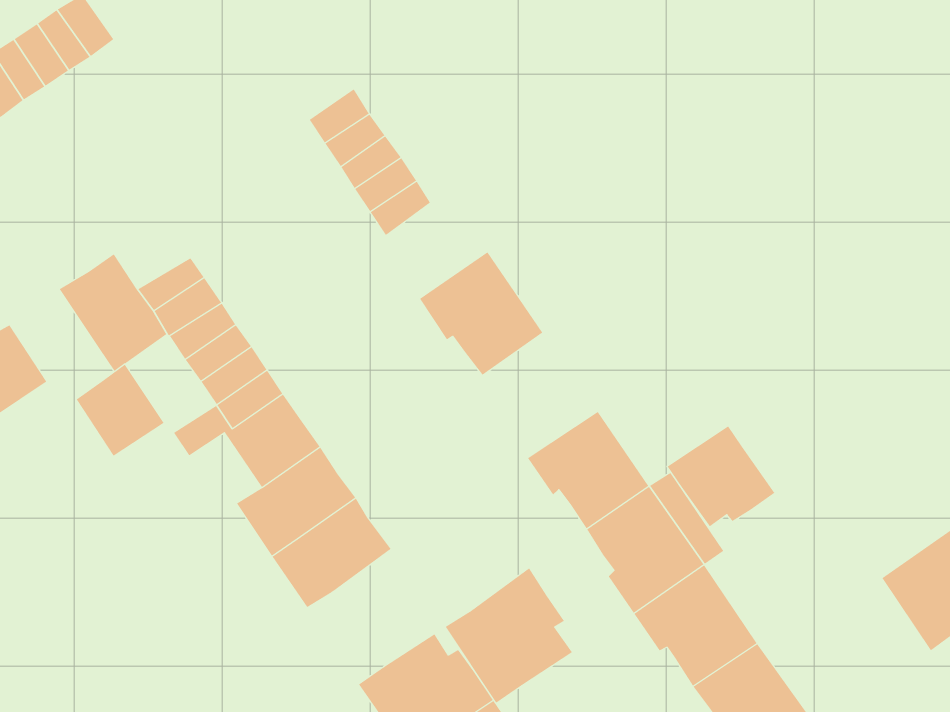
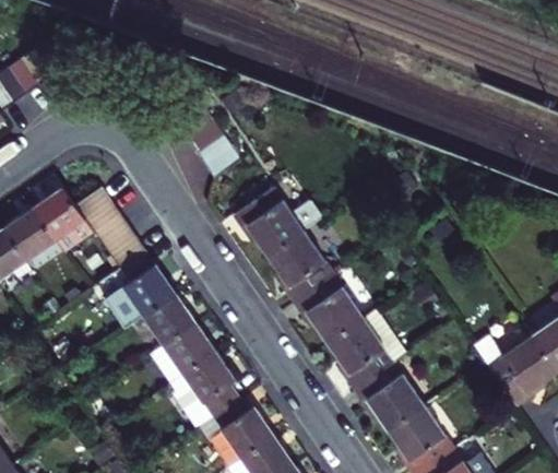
building: none -> [268,232,332,301]
building: [76,364,164,456] -> [5,208,55,259]
building: [667,425,775,527] -> none
building: [445,568,573,703] -> [170,352,241,427]

